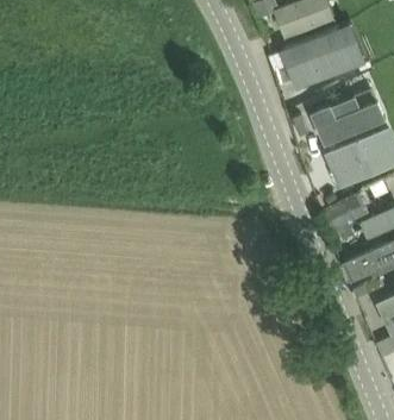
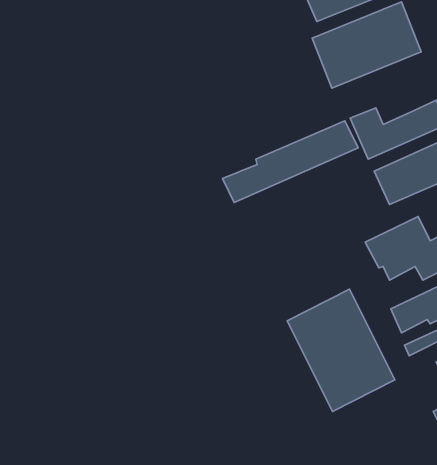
building: none -> [223,121,358,202]
building: none -> [287,289,395,411]

